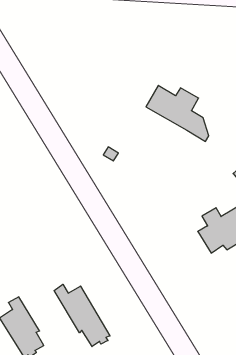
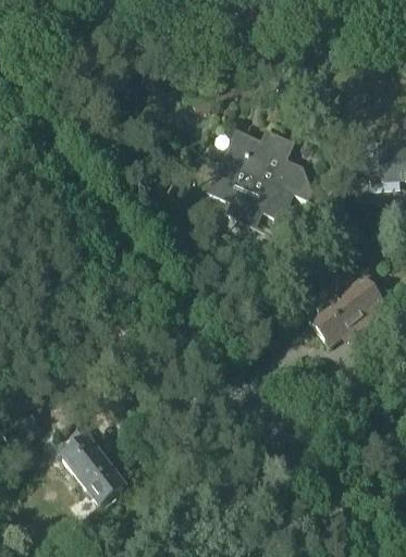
building: none -> [210,161,307,224]
building: [54,284,110,347] -> none

